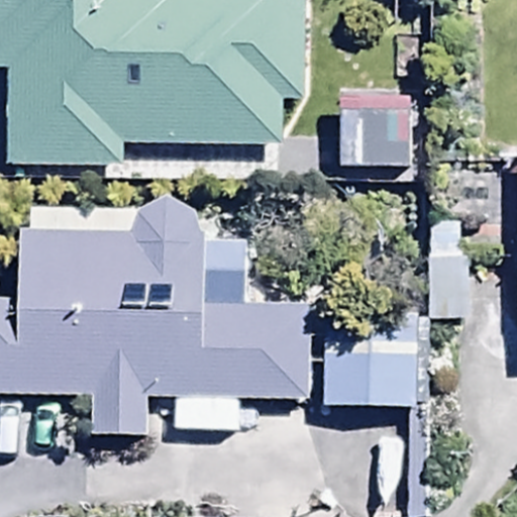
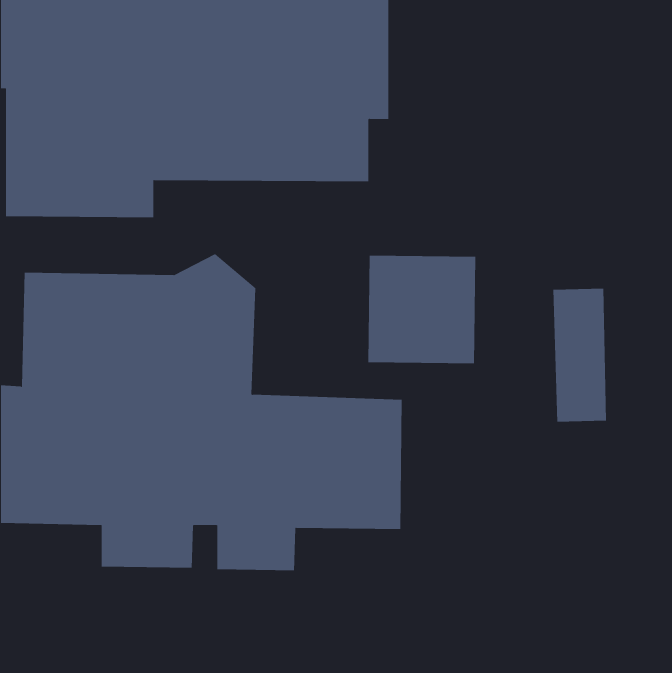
building: [331,88,414,171] -> [367,255,476,364]
building: [322,310,421,406] -> none

